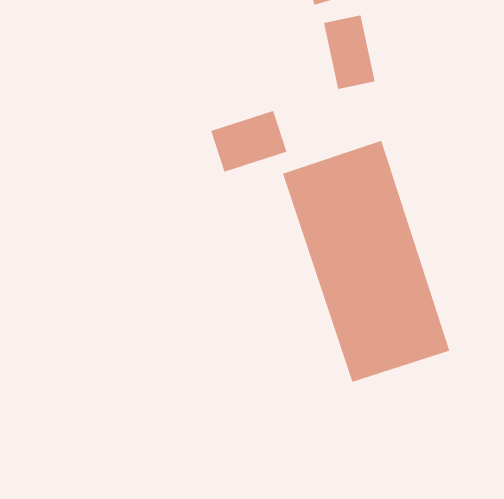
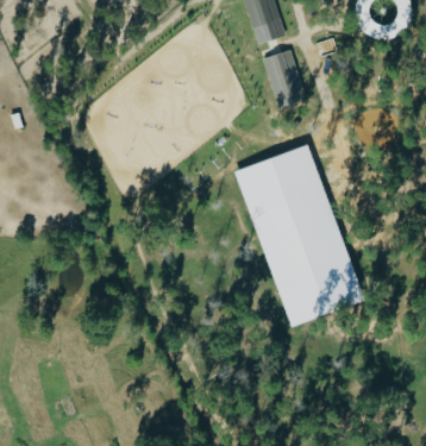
building: [211,110,287,172] -> none

